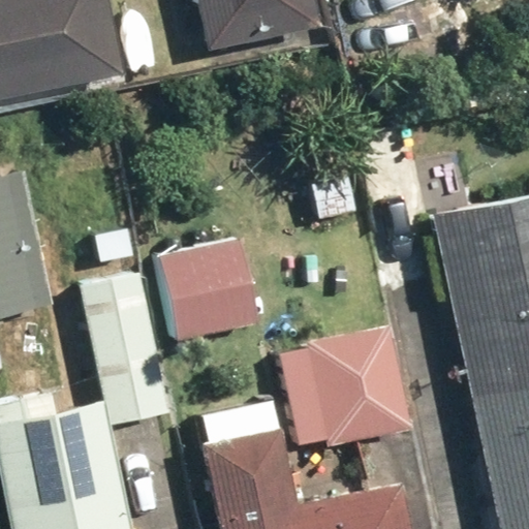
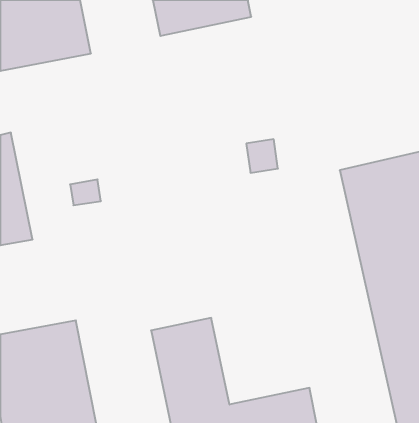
building: [159,239,257,336] -> none
building: [84,274,168,423] -> none
building: [276,325,408,453] -> none

